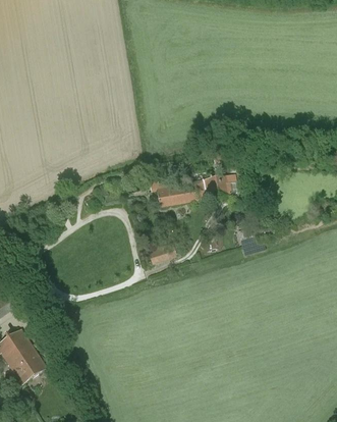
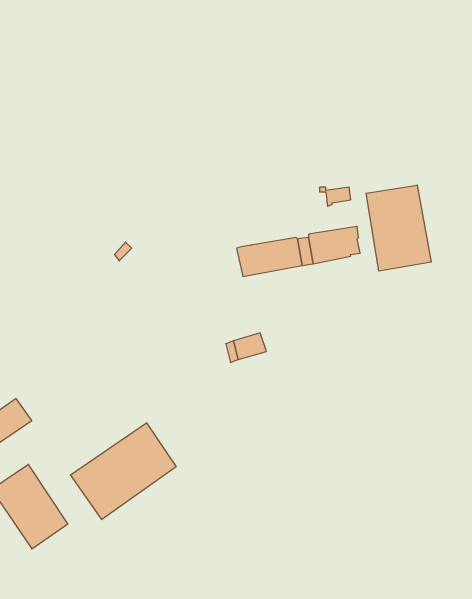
building: none -> [366,185,431,271]
building: none -> [70,423,176,520]

